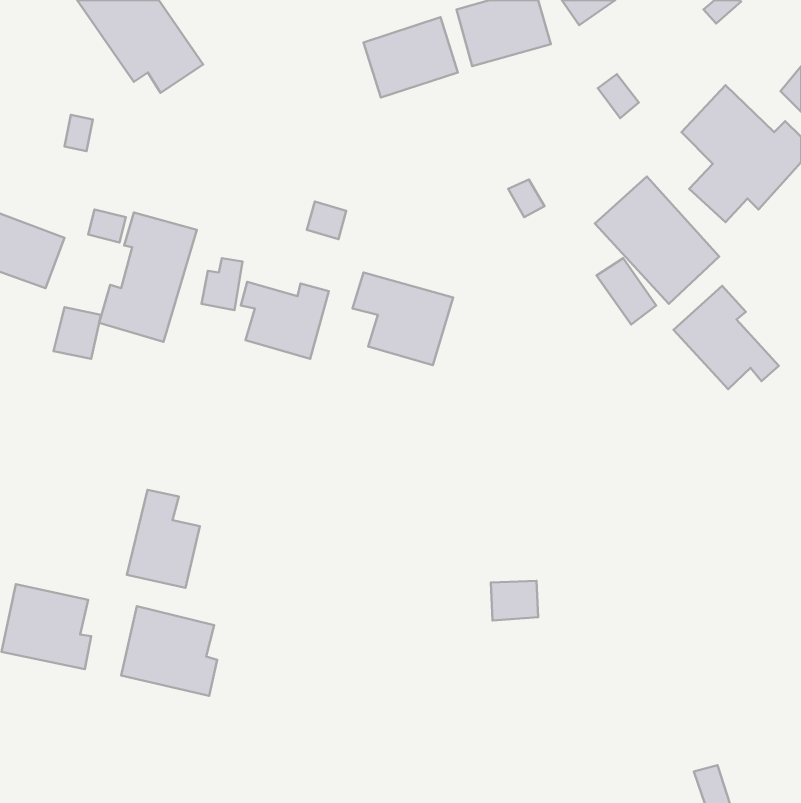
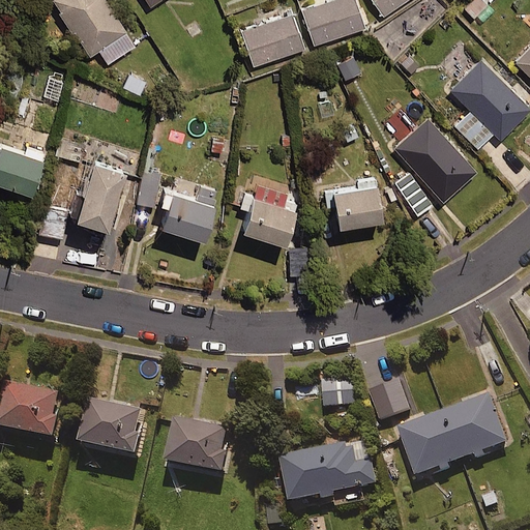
building: none -> [322,179,382,225]
building: [673,286,779,389] -> none
building: [127,490,200,588] -> none
building: none -> [371,383,408,421]
building: none -> [400,396,508,478]
building: none -> [166,419,229,477]
building: none -> [282,440,377,506]

